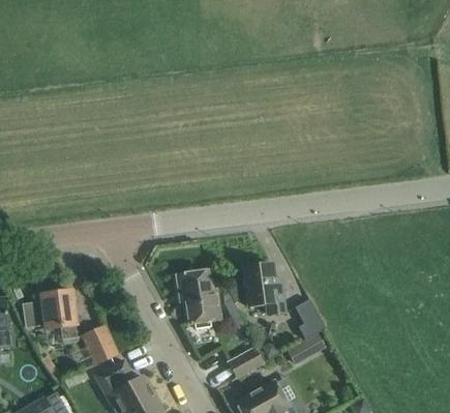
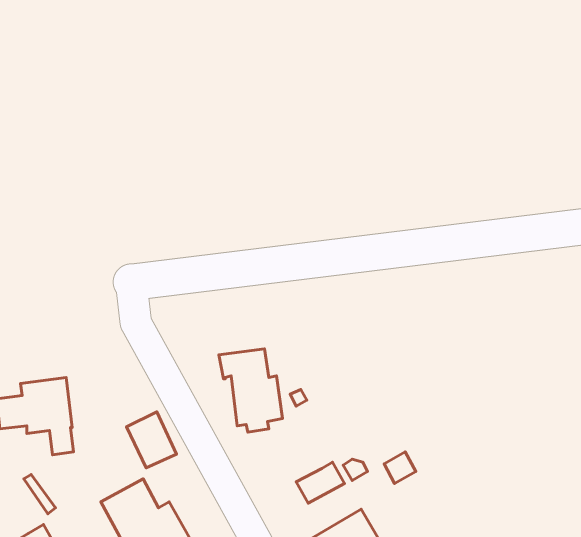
building: [243,263,284,314] -> none
building: [295,298,325,338] -> none
building: [83,325,117,363] -> [126,412,176,468]

